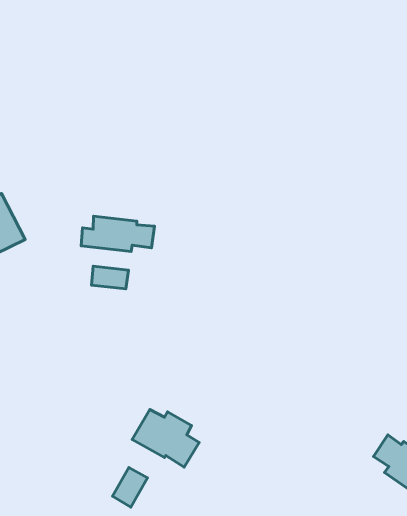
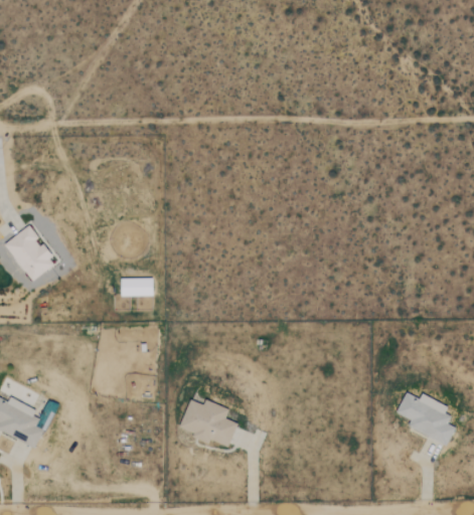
building: [81,216,154,252] -> none
building: [112,468,148,507] -> none

